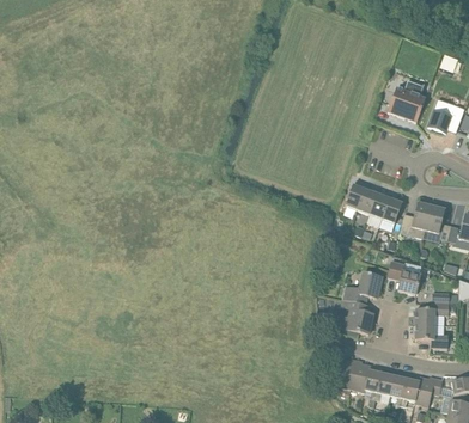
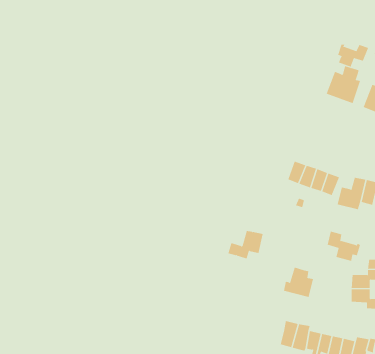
building: none -> [337,44,369,68]
building: [343,272,383,304] -> [227,231,264,259]

